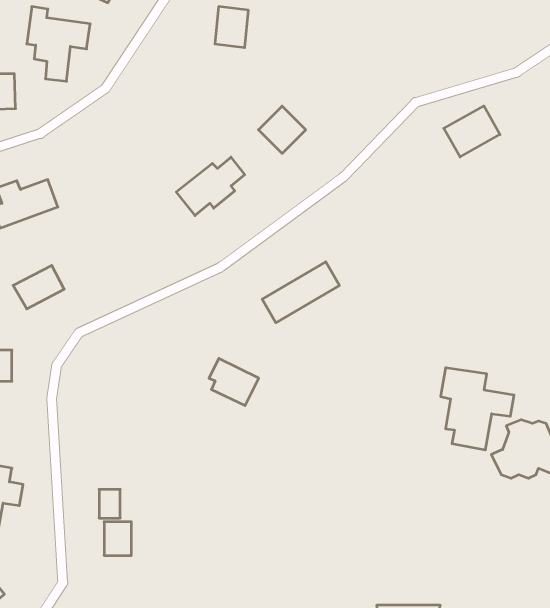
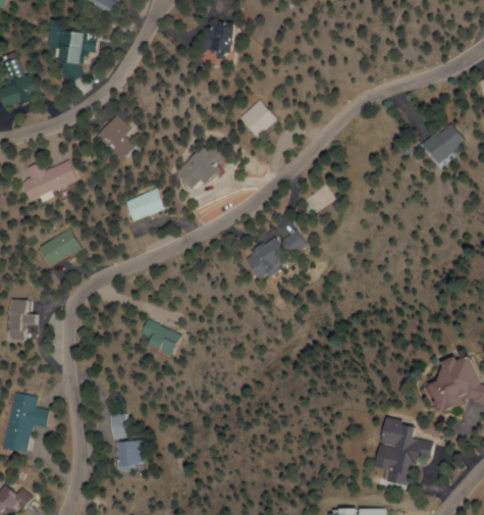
building: [444,106,500,157] -> [423,123,469,165]
building: none -> [92,114,132,161]
building: none -> [121,189,163,221]
building: [209,358,259,406] -> [136,318,176,357]
building: [441,368,514,450] -> [379,419,439,486]

